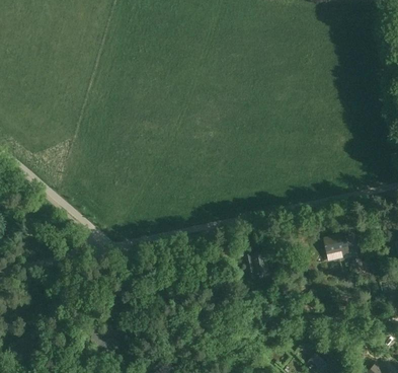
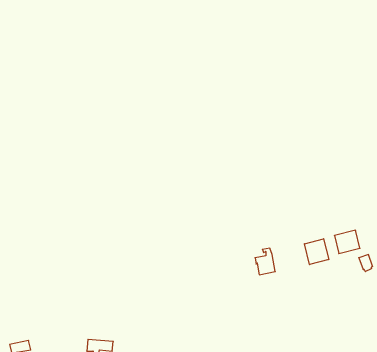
building: none -> [304,239,329,265]

